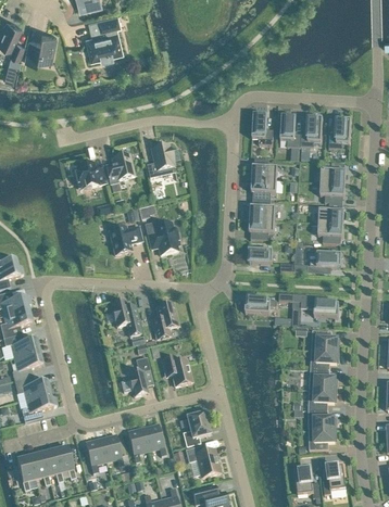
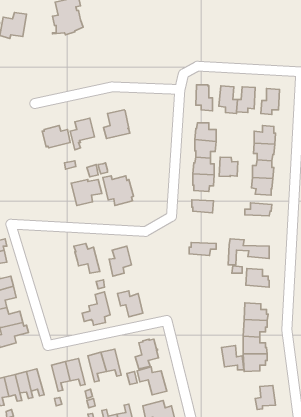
building: none -> [219,157,238,176]
building: [311,348,339,370] -> none
building: [294,469,321,497] -> [222,346,244,370]

